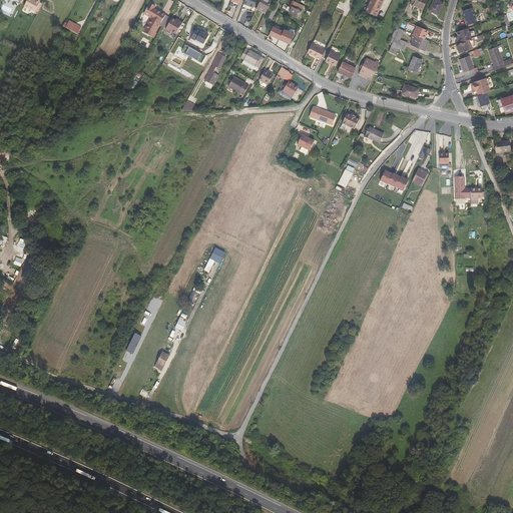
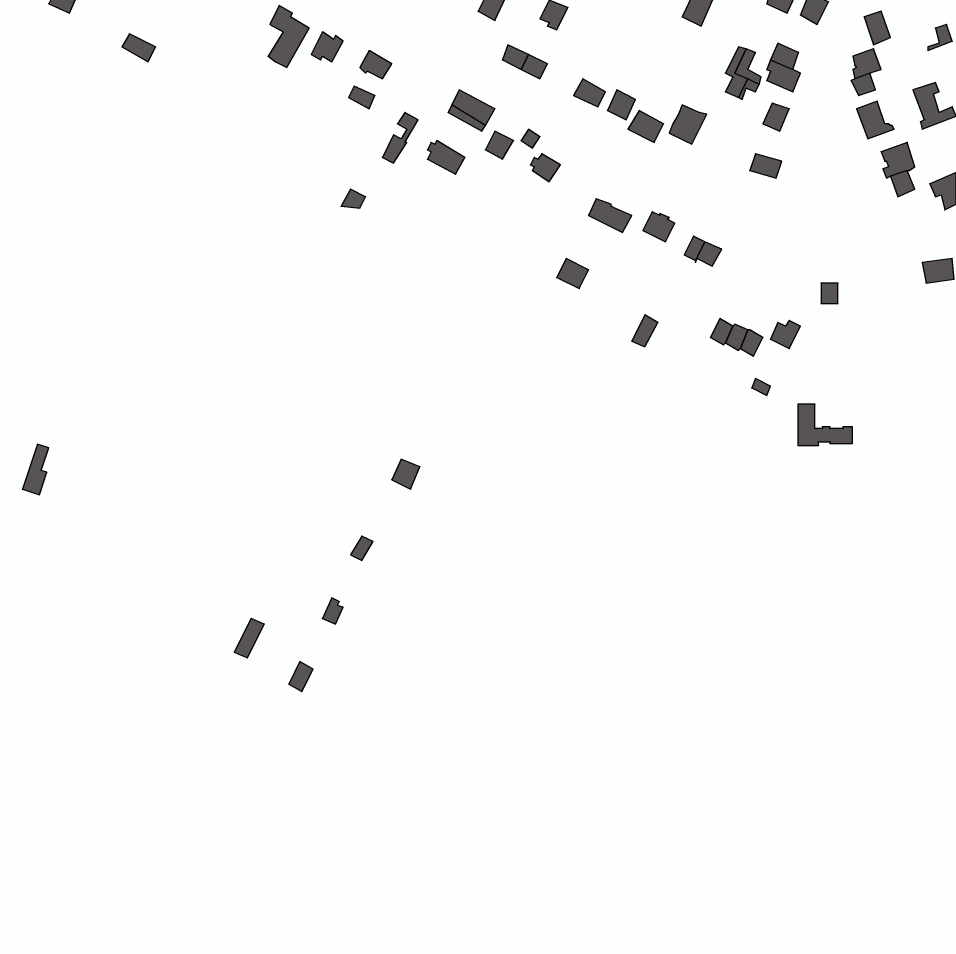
building: [454,175,483,197] -> [798,404,852,445]

